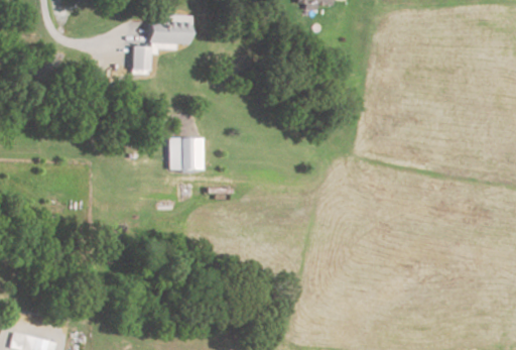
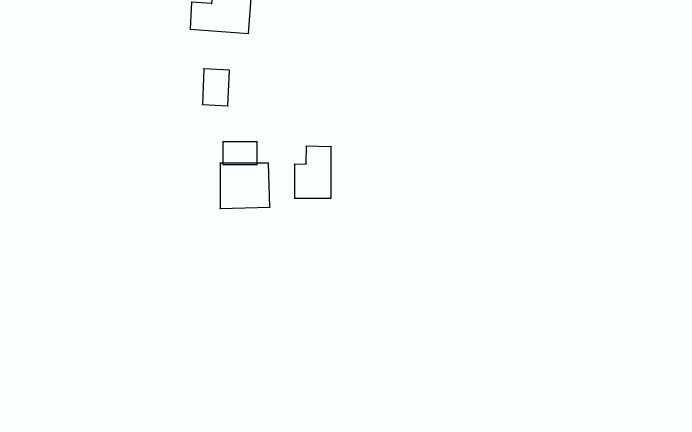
building: [132,47,151,74] -> [202,69,229,106]
building: none -> [295,146,331,198]

